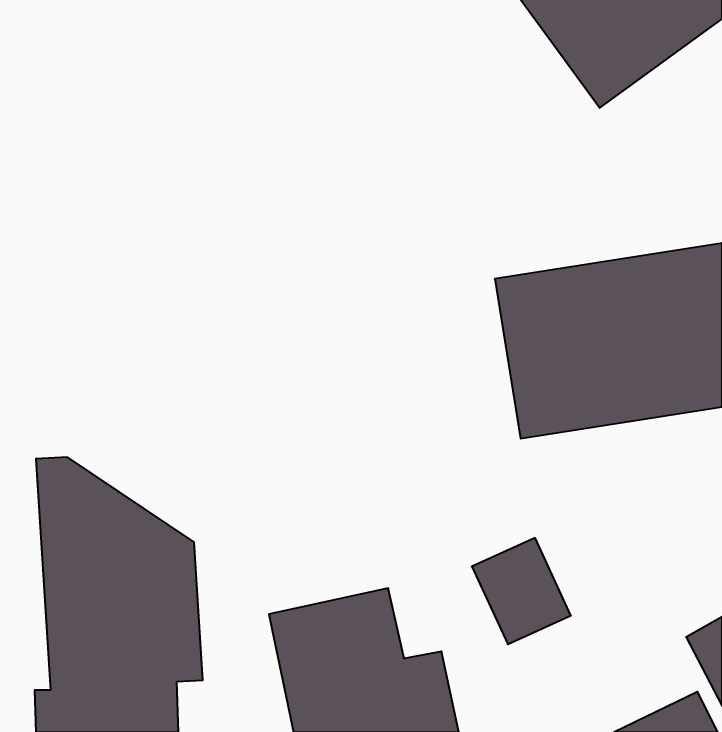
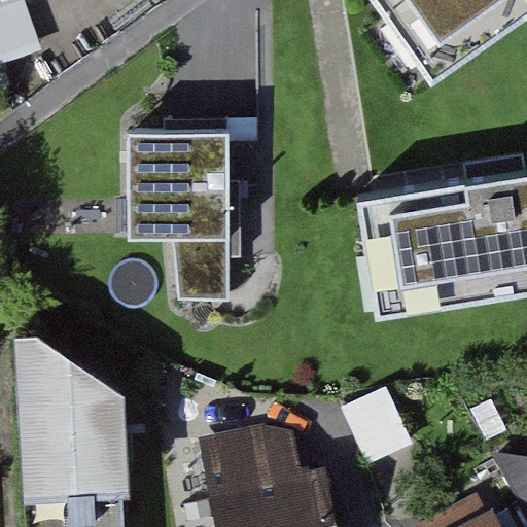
building: none -> [121,137,230,292]

